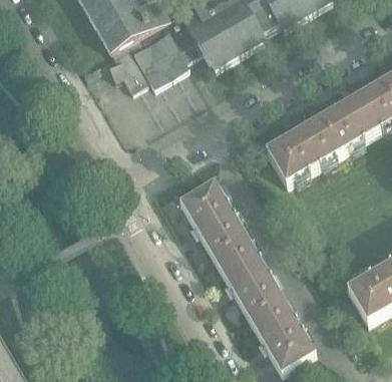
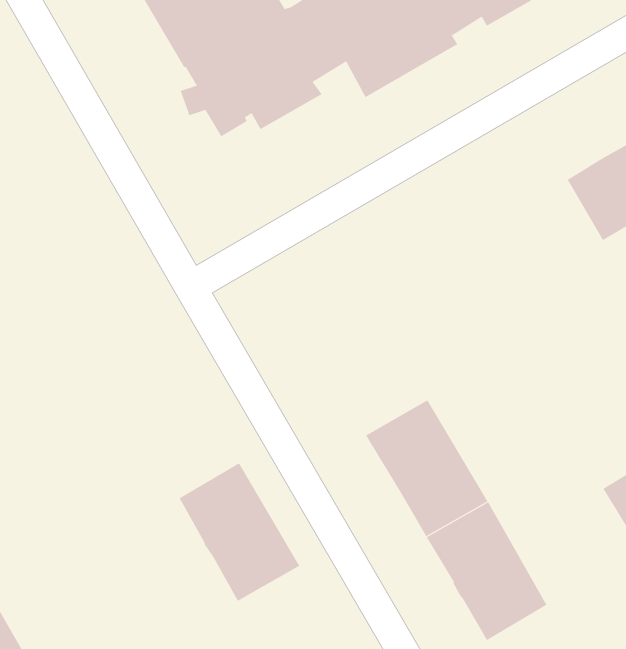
building: [265,111,346,181] -> none
building: [179,176,248,255] -> [179,462,300,602]

